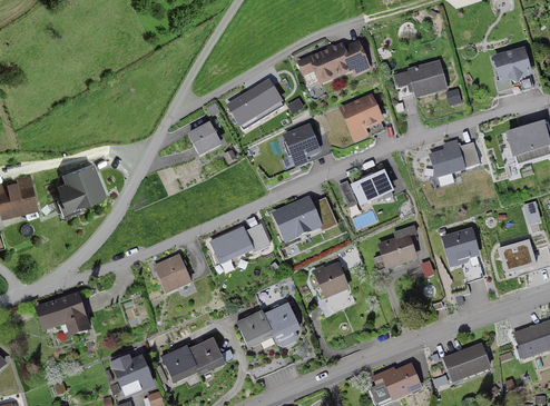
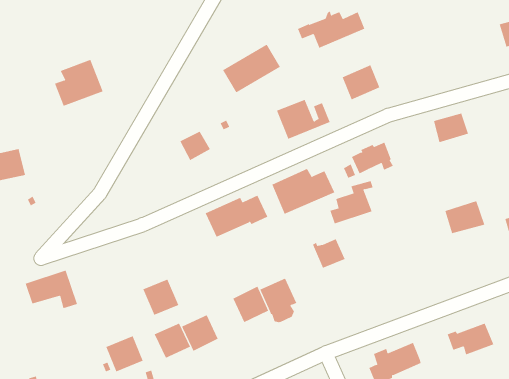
building: [392,61,445,98] -> none
building: [188,125,218,154] -> [180,131,211,161]
building: [59,161,107,207] -> [54,59,104,106]
building: [373,227,415,269] -> [330,180,373,224]
building: [154,256,189,291] -> [142,279,179,316]

